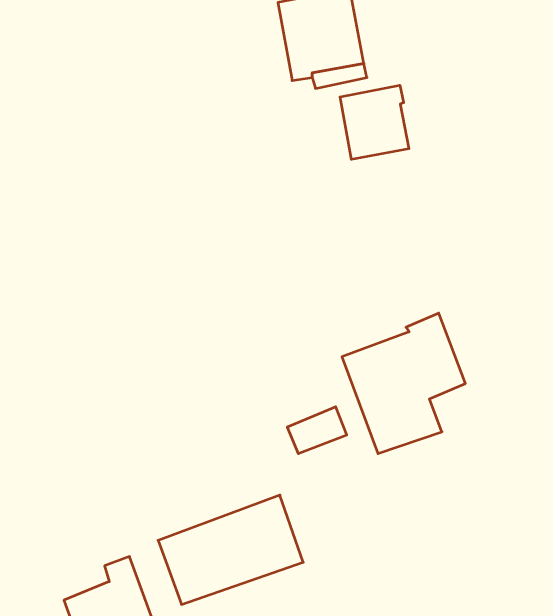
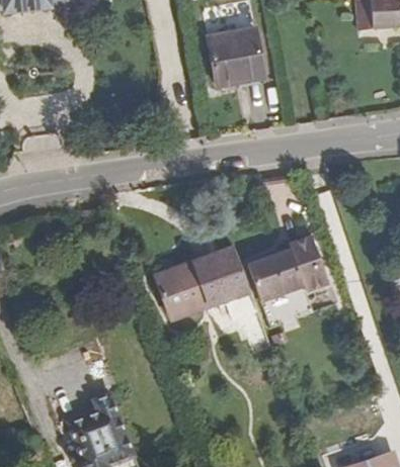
building: [340,85,409,159] -> none
building: [158,495,303,604] -> [155,246,249,316]

